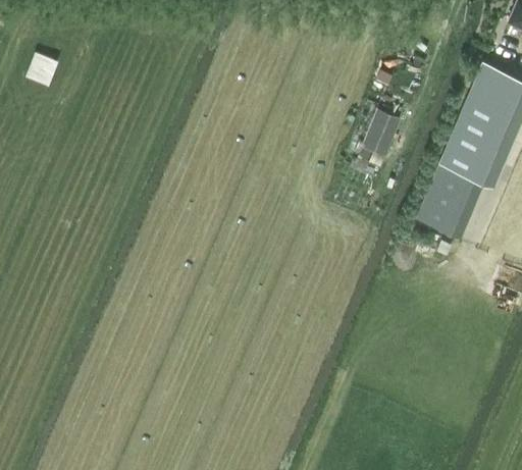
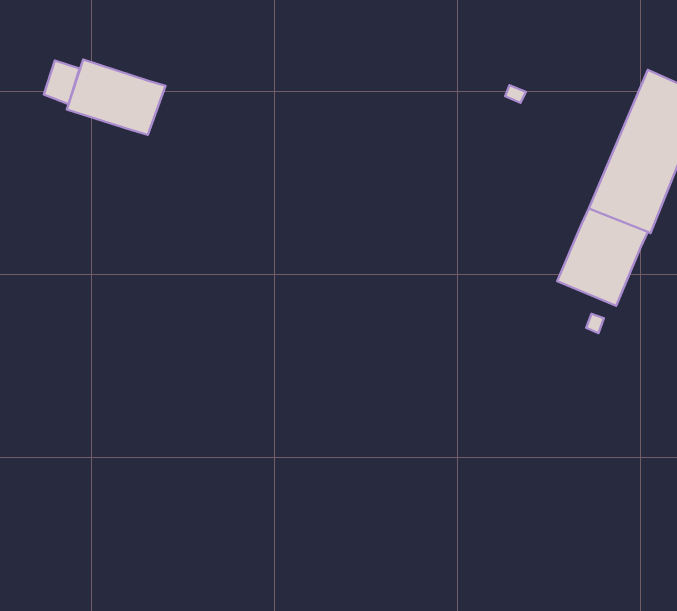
building: none -> [67,60,165,135]
building: [358,113,400,165] -> none

